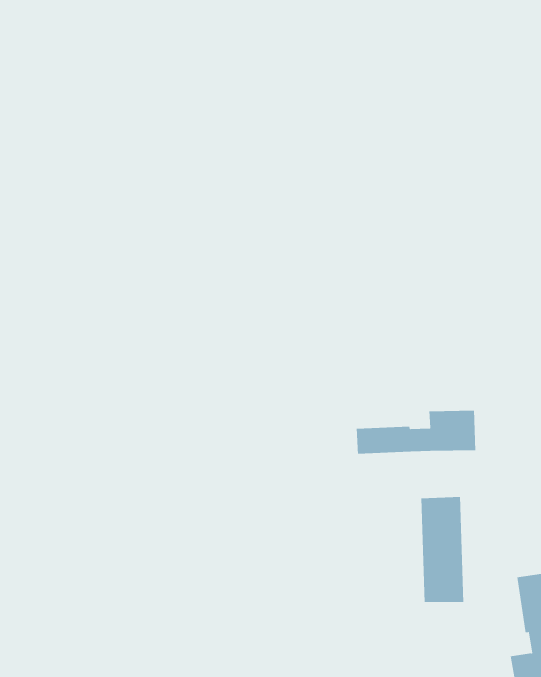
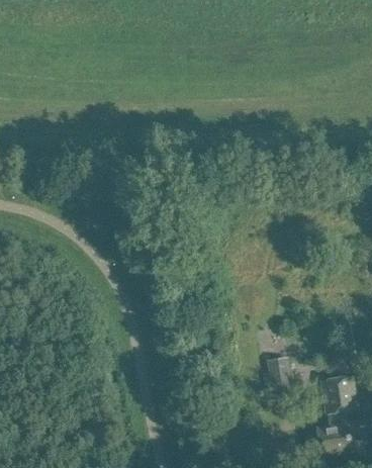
building: [356,410,476,454] -> none

